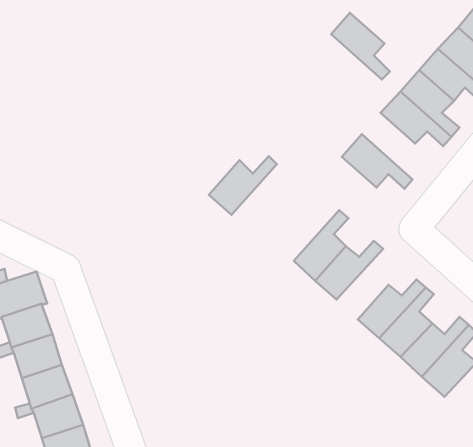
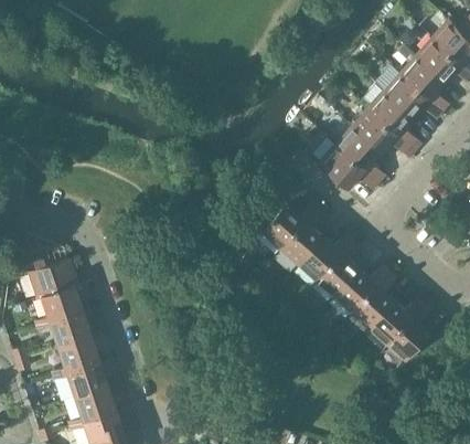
building: [331,13,390,79] -> [338,127,386,182]
building: [209,156,277,215] -> [263,201,319,250]
building: none -> [317,240,362,298]

